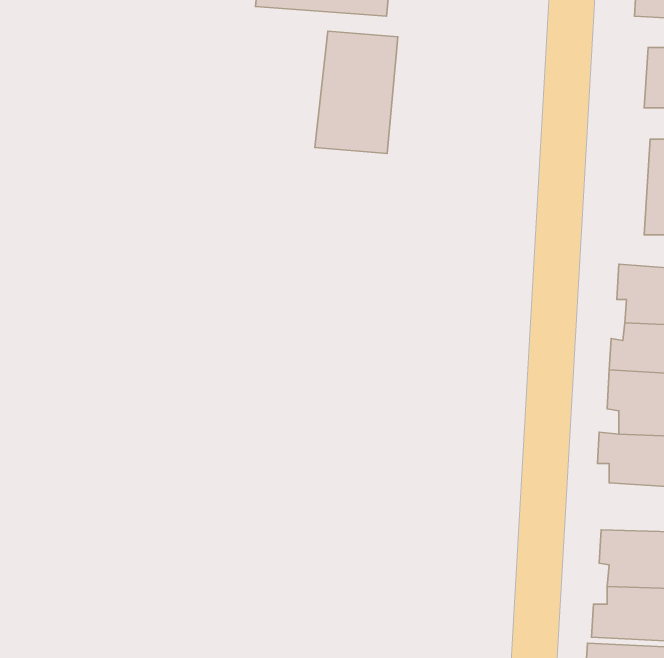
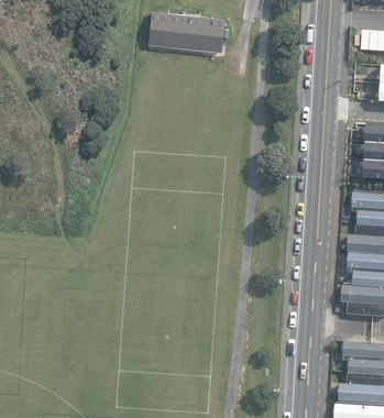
building: [315,31,398,154] -> none

